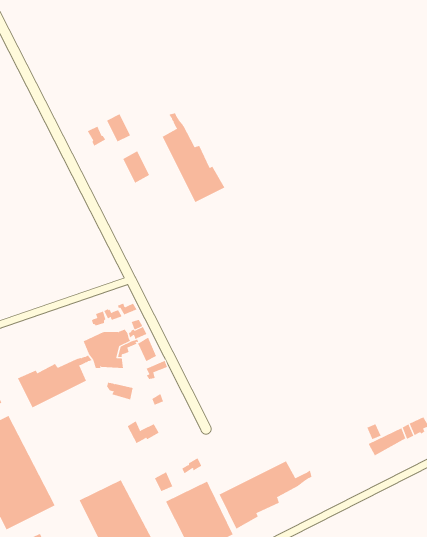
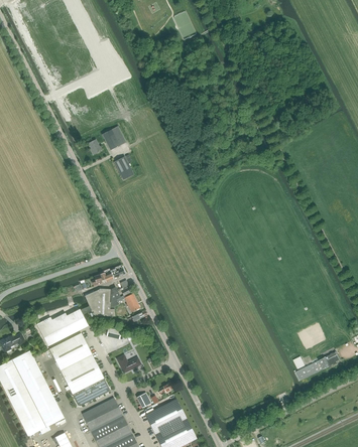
building: [162,112,225,203] -> none
building: none -> [49,332,109,406]
building: [219,461,312,529] -> none

